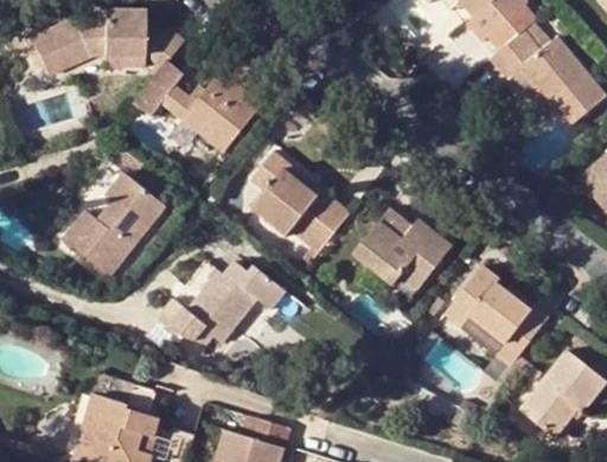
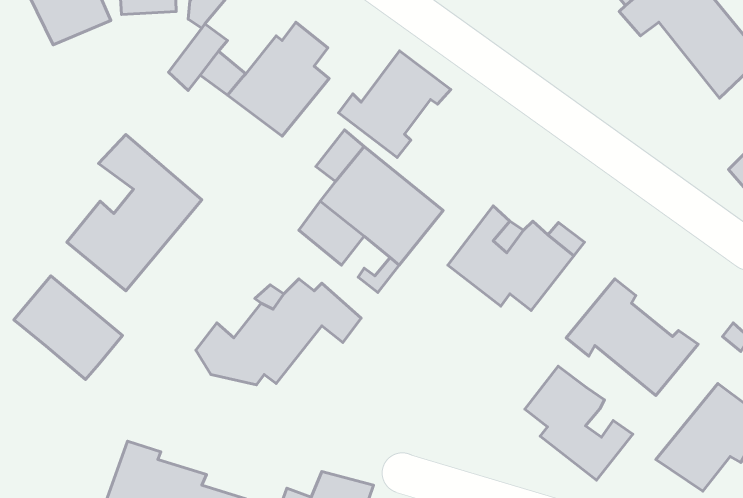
building: none -> [338,51,451,157]
building: none -> [14,276,122,380]
building: none -> [525,366,633,480]

